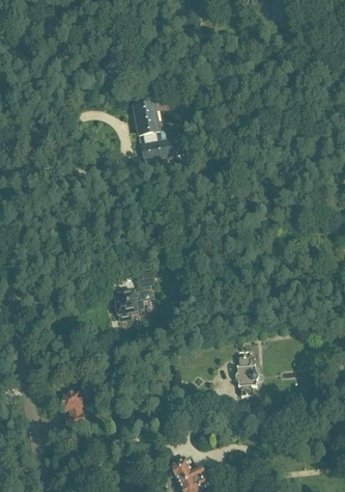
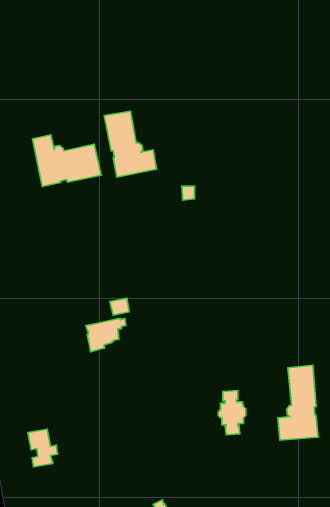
building: none -> [33,135,101,187]
building: none -> [278,365,318,440]

